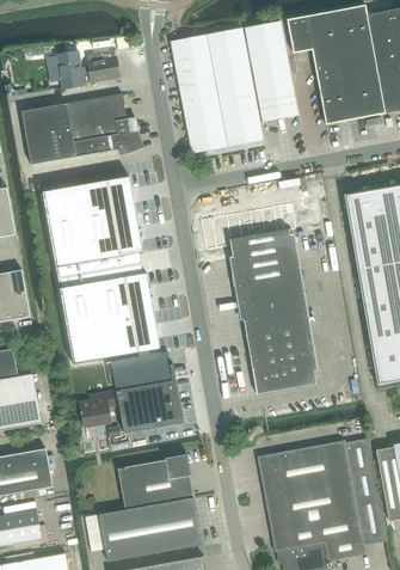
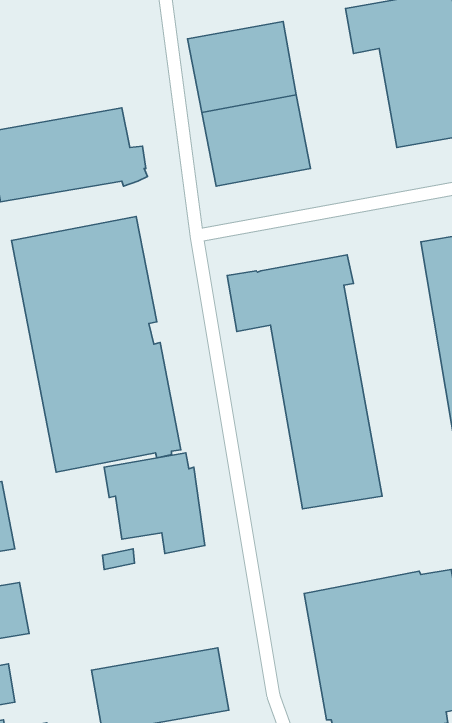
building: [244,20,300,122] -> none
building: [60,49,119,86] -> none
building: [78,390,115,427] -> none
building: [118,455,193,507] -> none

